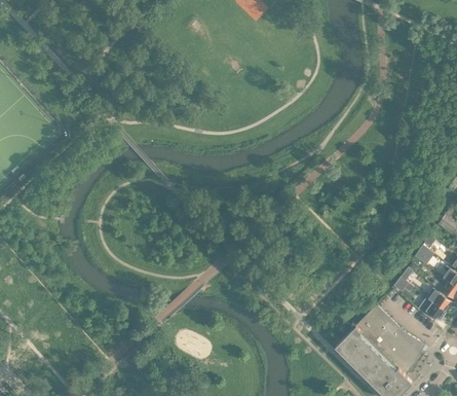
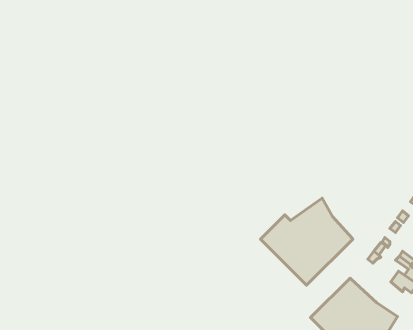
building: none -> [260,198,353,285]

